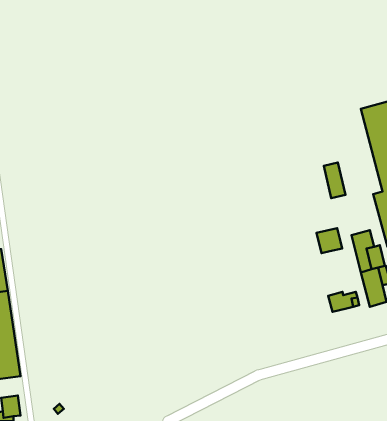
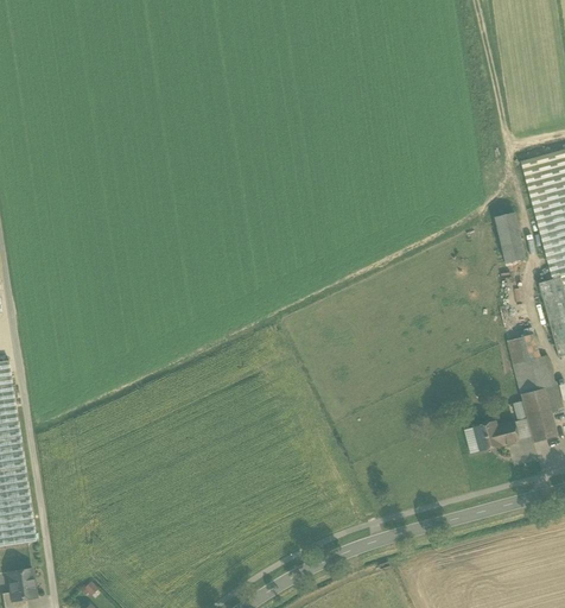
building: [324,162,345,198] -> [495,213,526,264]
building: [317,228,342,253] -> none

